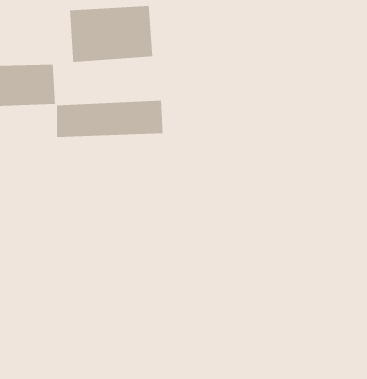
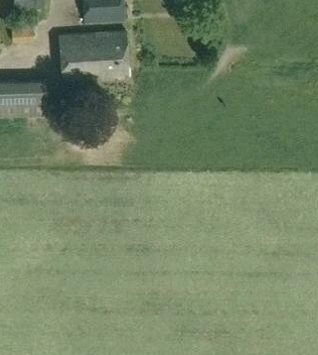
building: [56,100,164,138] -> none

